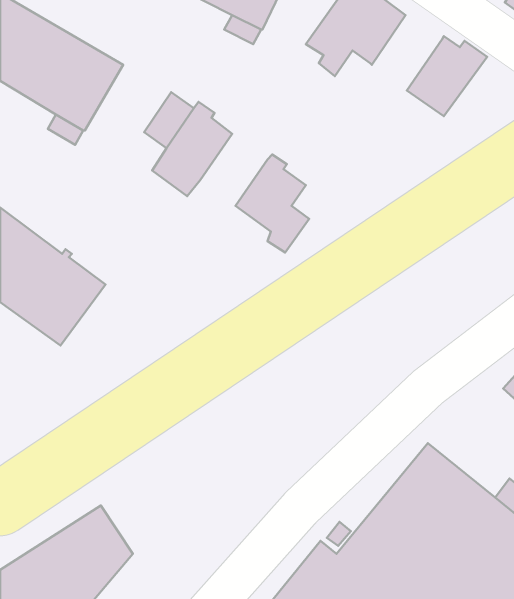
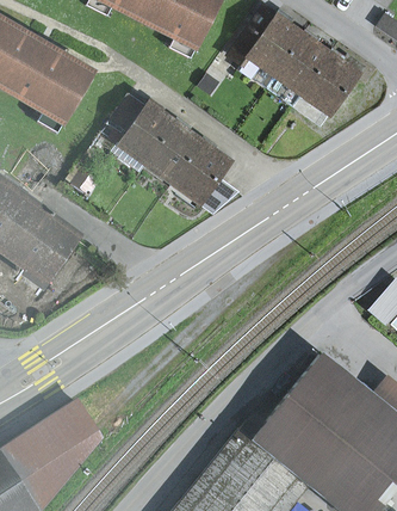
building: none -> [278,32,330,92]
building: none -> [150,121,200,178]

